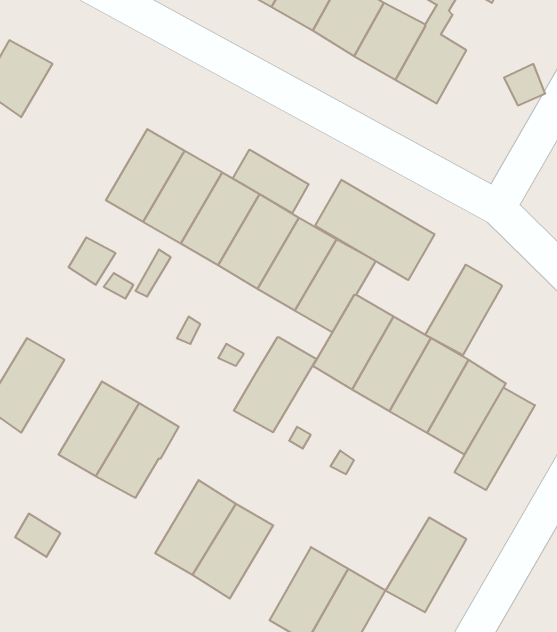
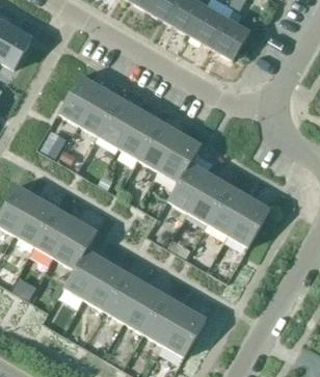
building: [233,150,309,213] -> none
building: [315,180,434,280] -> none
building: [425,265,502,355] -> none
building: [234,338,317,432] -> [63,248,107,298]
building: none -> [14,196,56,246]
building: [454,387,535,490] -> none
building: [386,518,466,612] -> [124,284,166,333]

